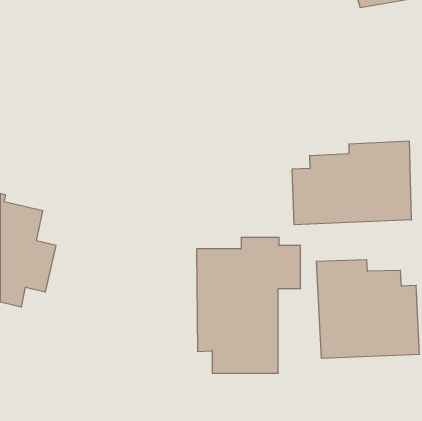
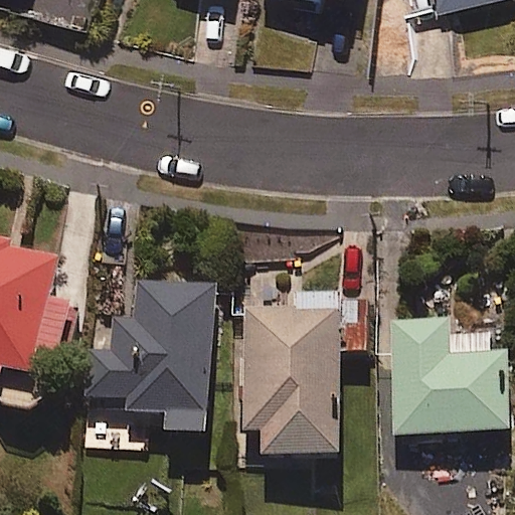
building: [292,141,411,225] -> none
building: none -> [87,278,215,433]

